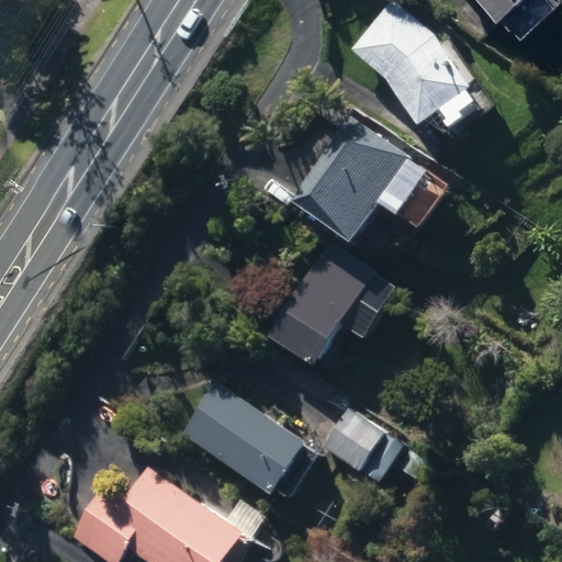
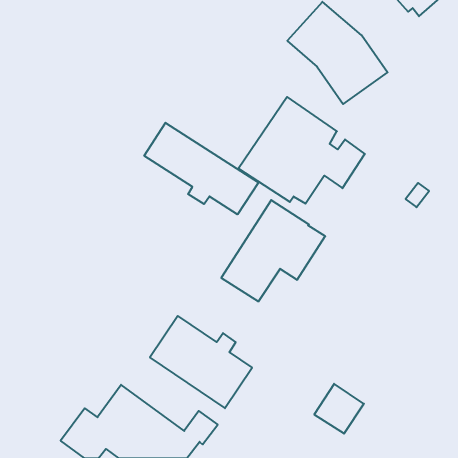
building: none -> [144,123,258,214]
building: [322,409,382,470] -> [314,384,364,434]

